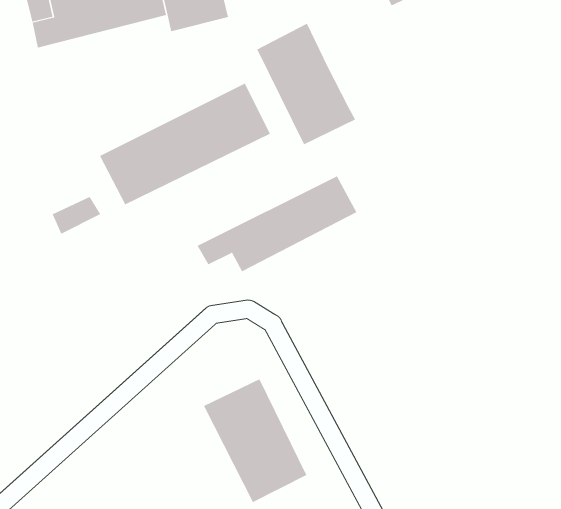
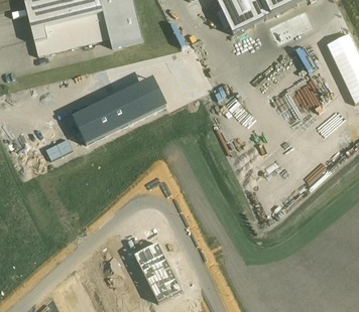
building: [256,23,356,145] -> none
building: [197,175,357,272] -> none

